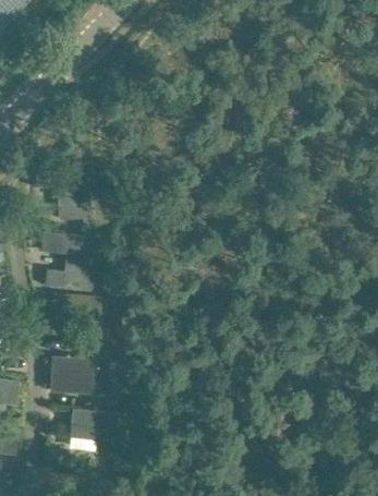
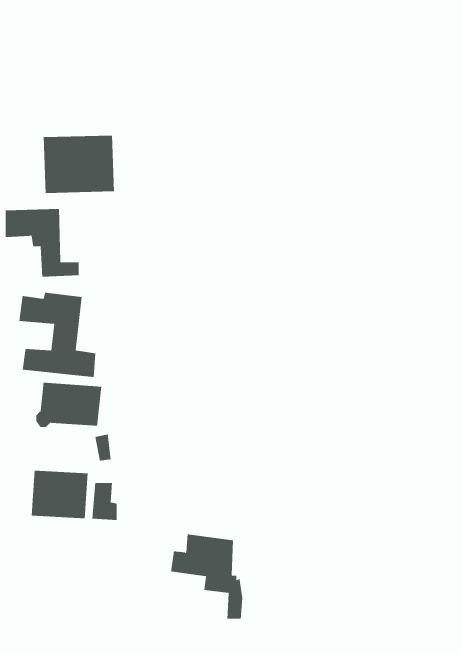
building: none -> [43,135,115,194]
building: [72,409,124,470] -> [170,534,243,619]

